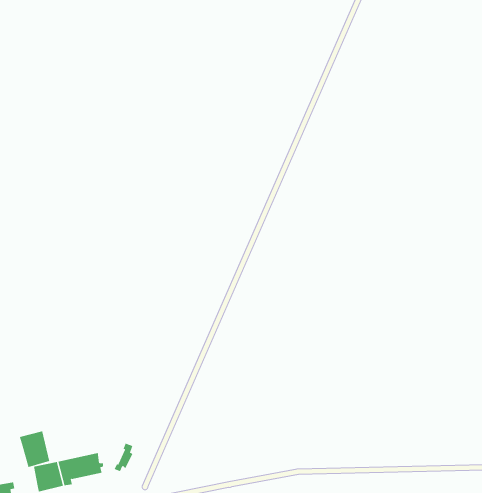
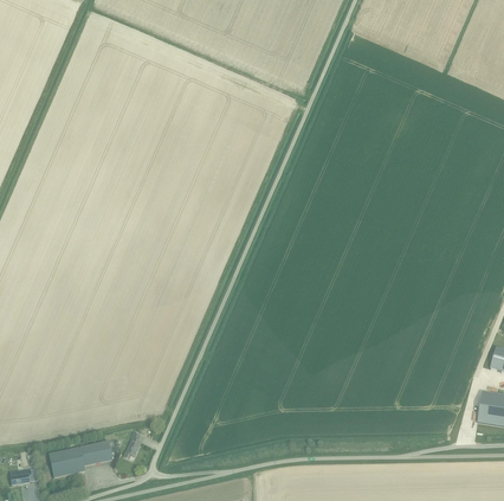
building: [19,431,50,468] -> none

